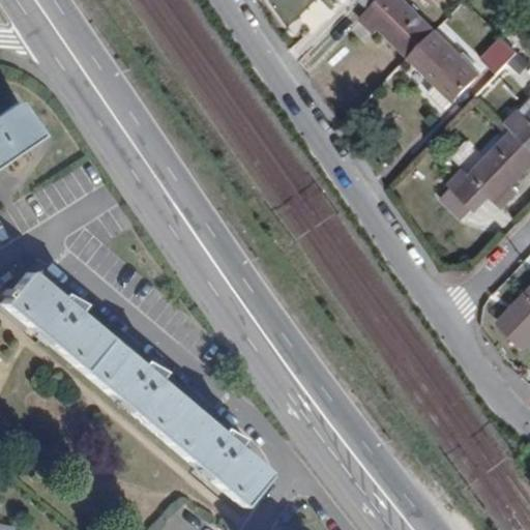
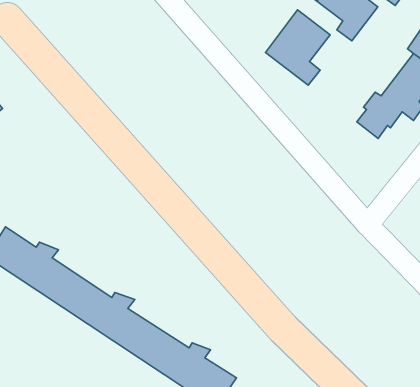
building: none -> [265,10,330,85]

